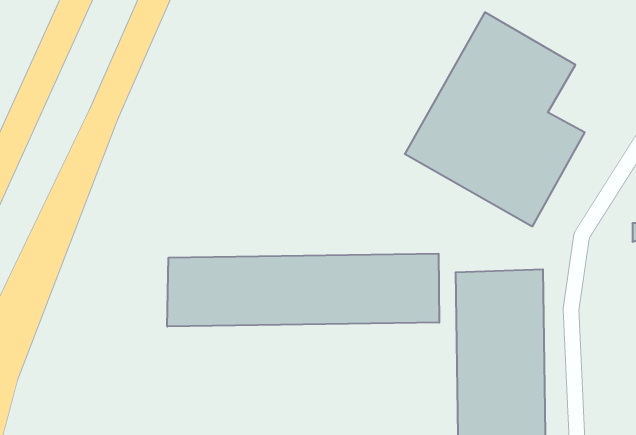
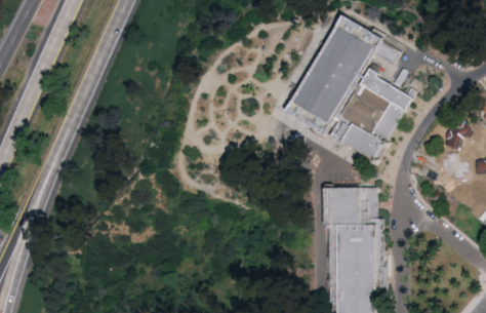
building: [167,254,439,327] -> none

